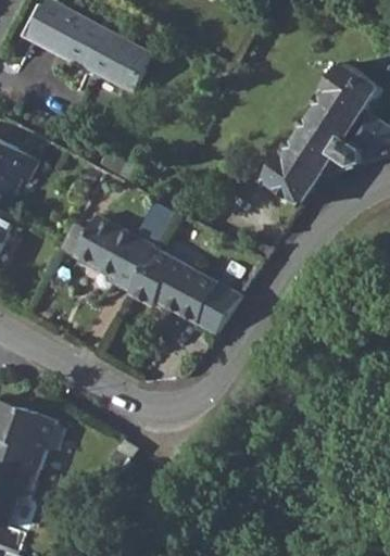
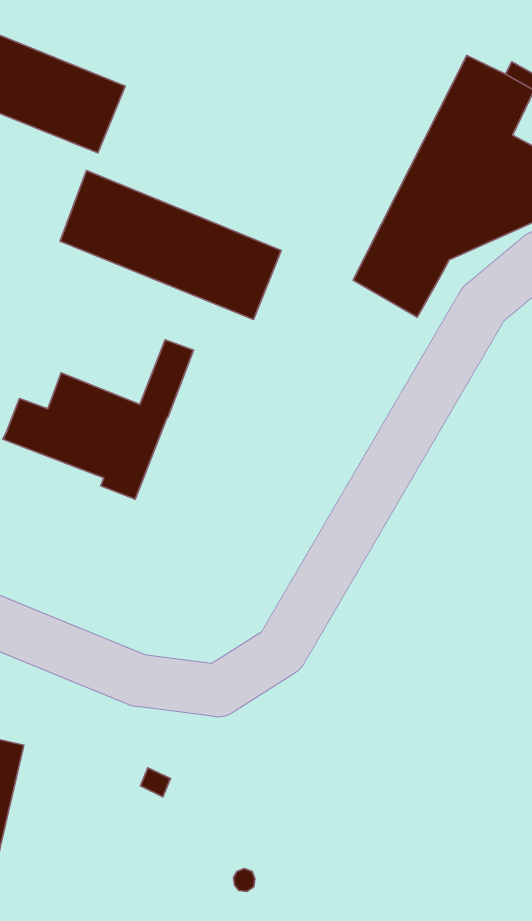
building: none -> [60,171,281,320]
building: [128,247,238,332] -> none

